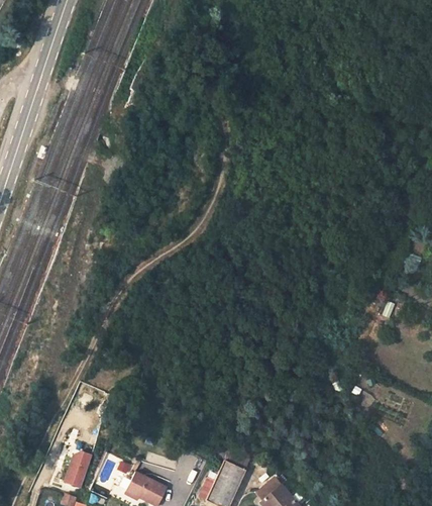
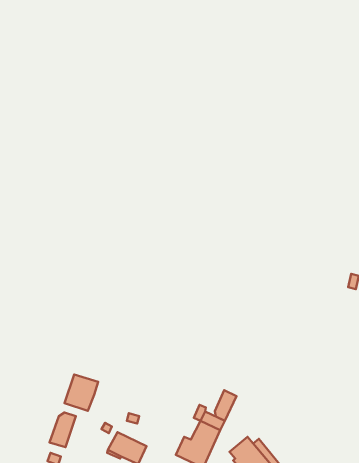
building: none -> [65,375,98,411]
building: none -> [215,390,236,421]

